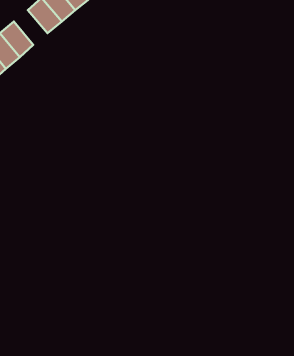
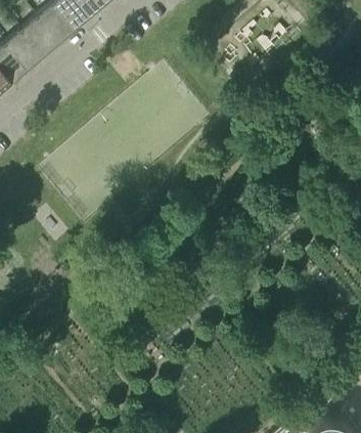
building: none -> [19,15,58,55]

